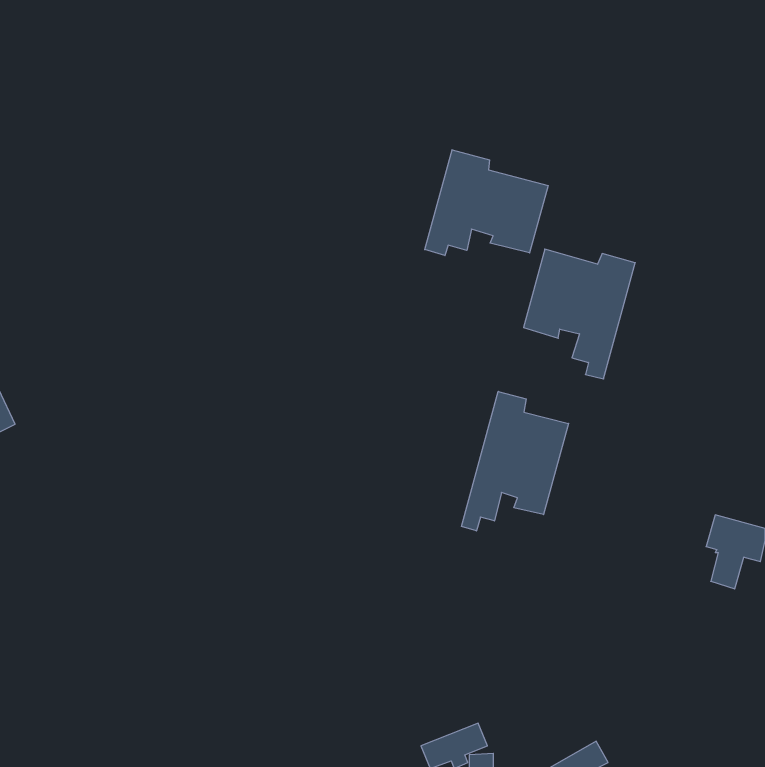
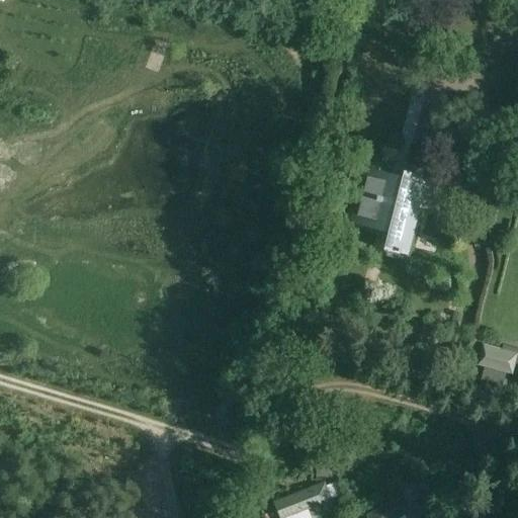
building: [425,150,548,256] -> none
building: [461,391,569,531] -> none

